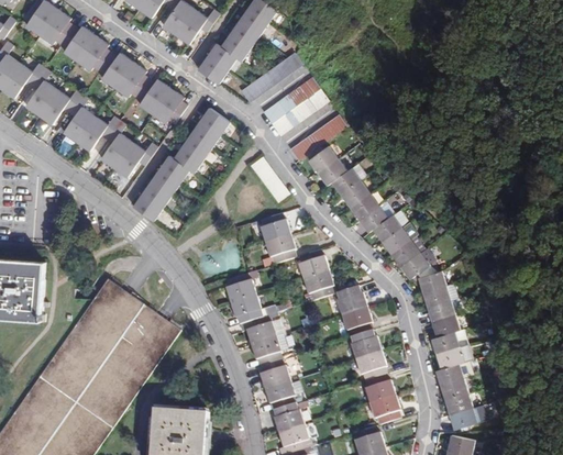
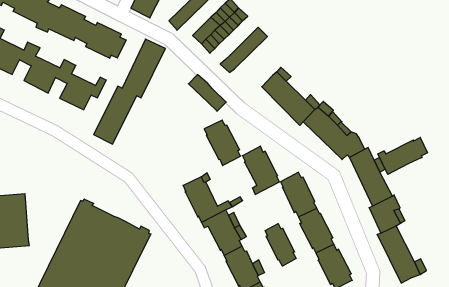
building: [309,146,346,186] -> none
building: none -> [378,137,428,174]
building: none -> [265,224,296,266]

